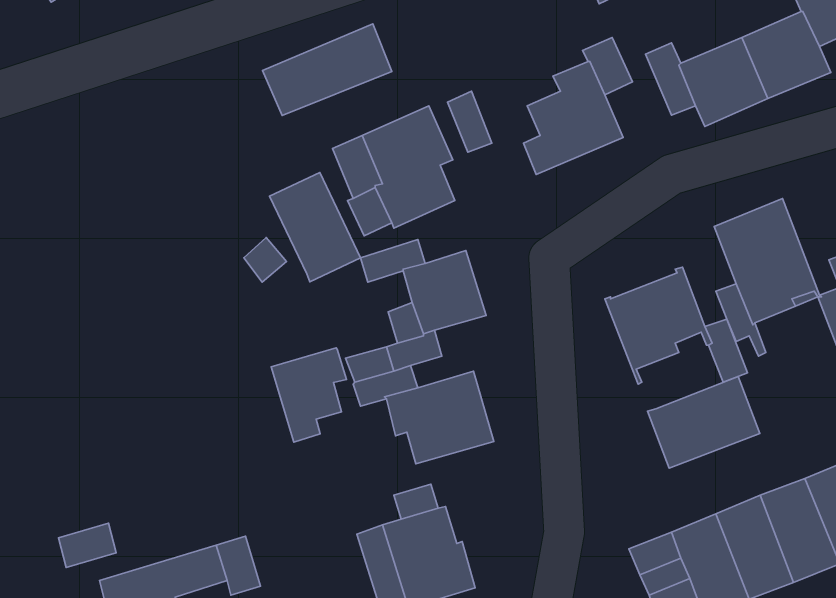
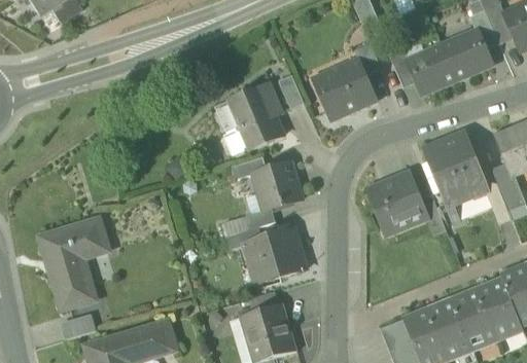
building: [263,24,392,115] -> none
building: [269,172,360,282] -> none
building: [271,348,347,442] -> none
building: none -> [40,217,109,308]
building: [648,376,760,468] -> none

